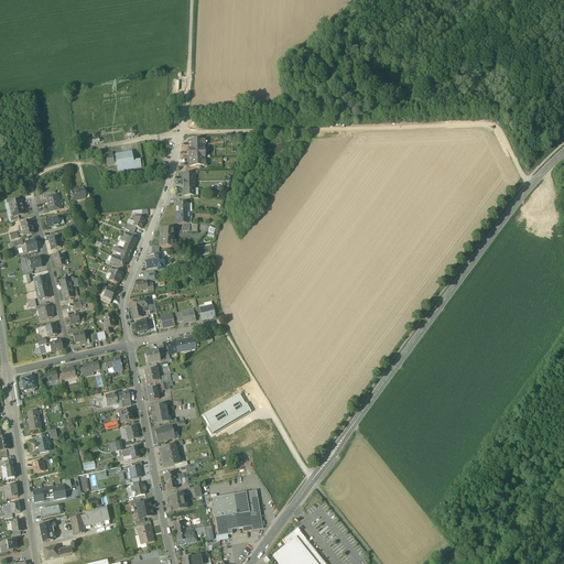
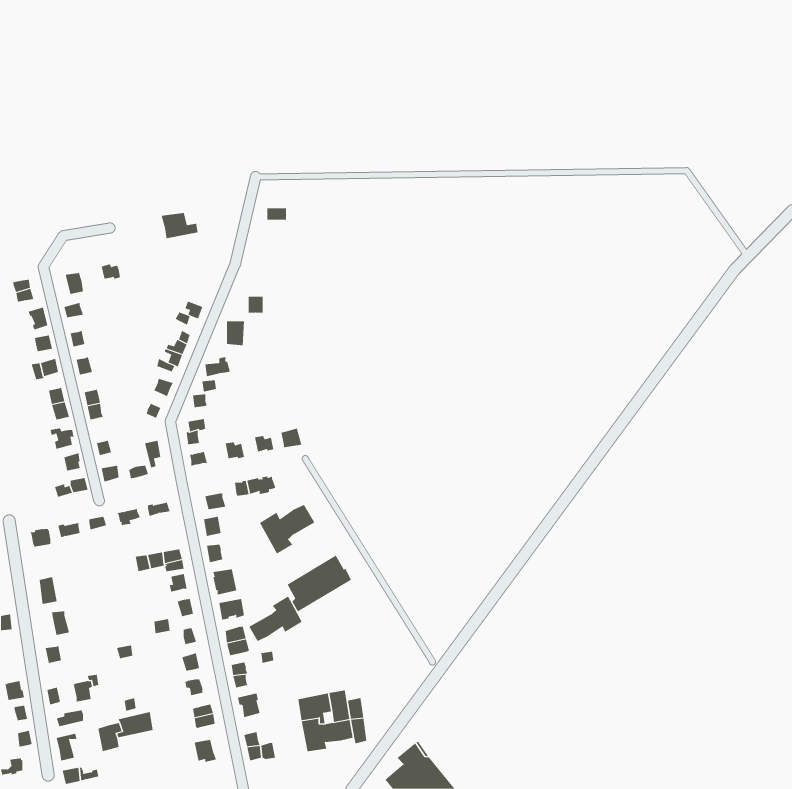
building: none -> [259,504,315,555]
building: none -> [249,596,303,642]

